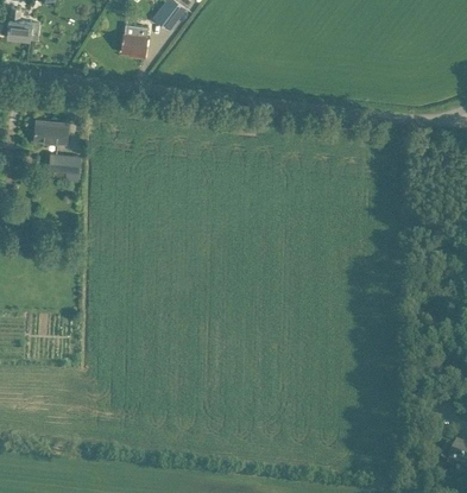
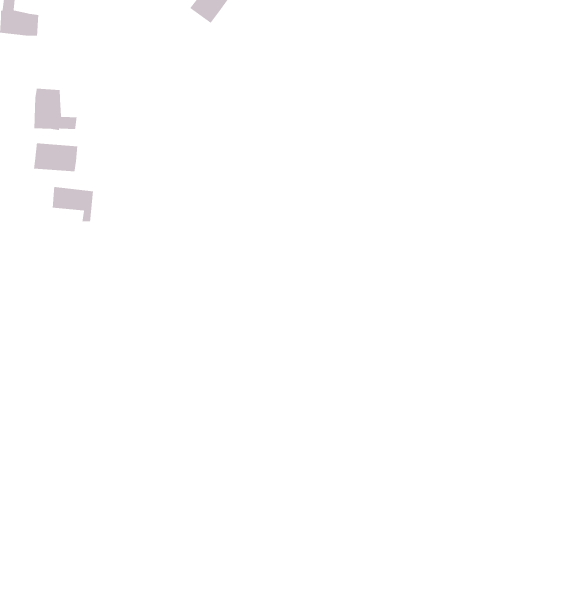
building: [121,25,147,58] -> none
building: none -> [33,88,78,131]

